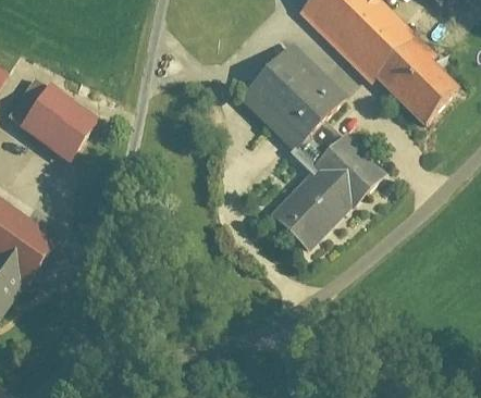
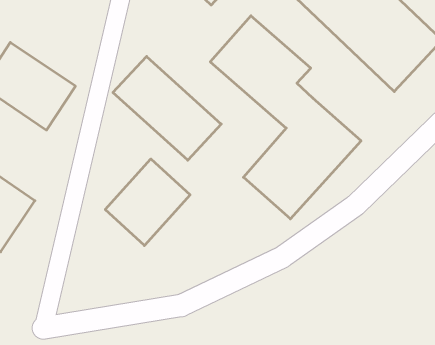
building: none -> [113,56,221,160]
building: none -> [105,159,190,246]

